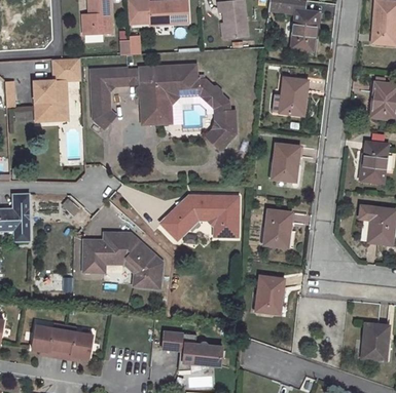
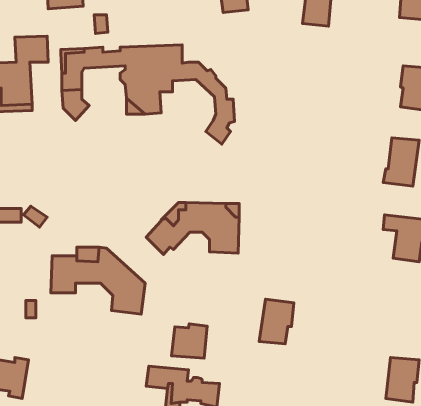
building: [279,77,308,114] -> none
building: [272,143,299,181] -> none
building: [263,208,292,246] -> none
building: none -> [172,324,207,358]
building: [59,325,92,358] -> none

